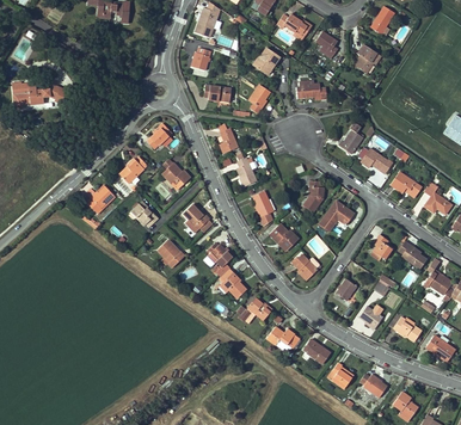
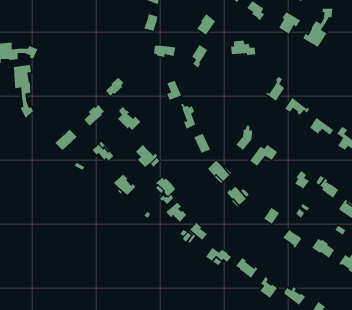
building: none -> [302,8,333,48]
building: none -> [13,64,34,119]

